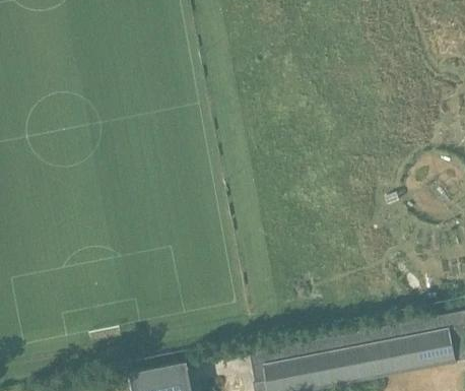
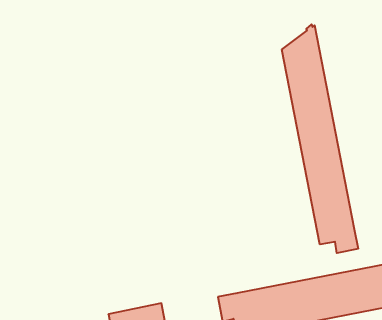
building: none -> [282,24,358,253]

